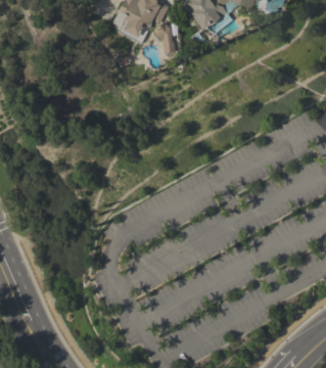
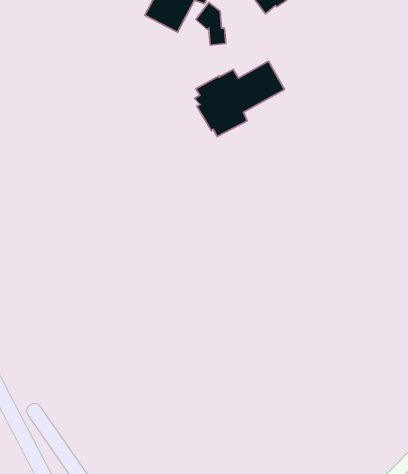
building: none -> [195,61,284,137]

